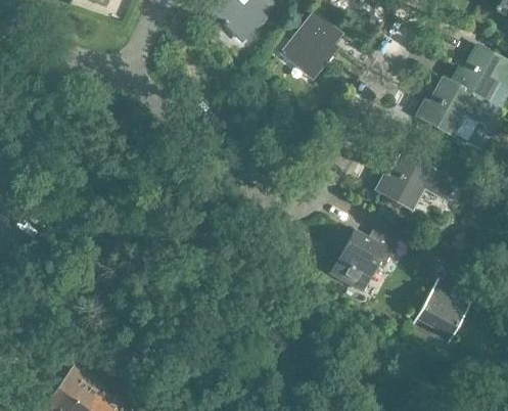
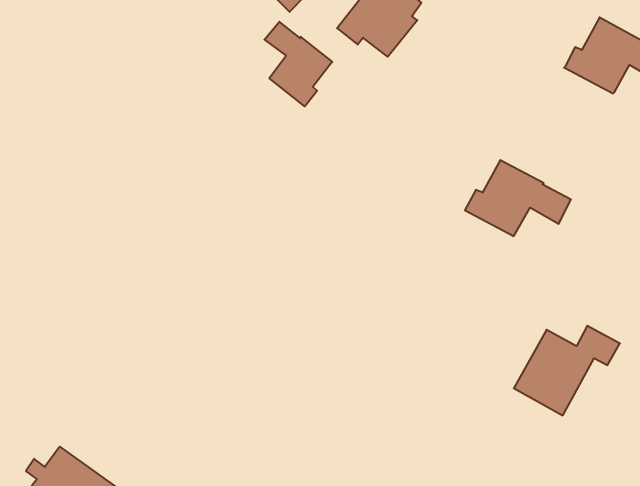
building: none -> [264,22,332,106]
building: [416,77,497,140] -> none
building: [330,225,398,290] -> none

